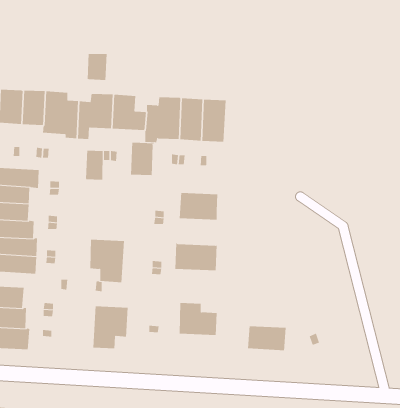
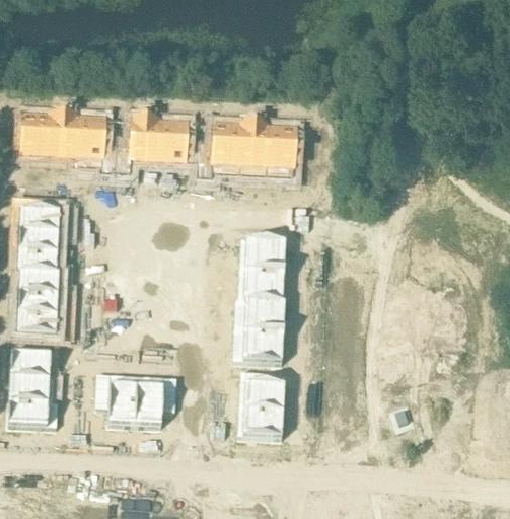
building: [87,53,107,81] -> none
building: [130,142,154,176] -> none
building: [85,150,103,181] -> none
building: none -> [237,269,285,301]
building: [89,239,125,283] -> [94,372,137,425]
building: none -> [231,329,284,363]
building: [247,326,287,351] -> [236,407,284,438]

